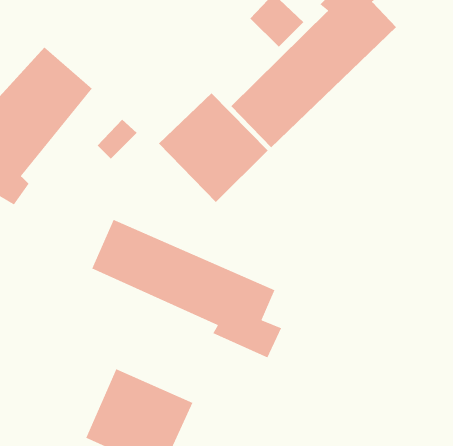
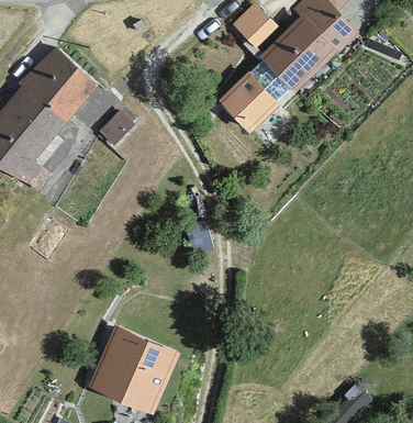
building: [158,92,268,203] -> none
building: [91,219,282,358] -> none

